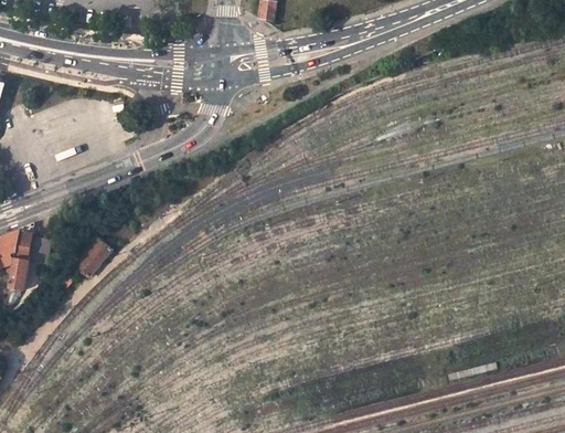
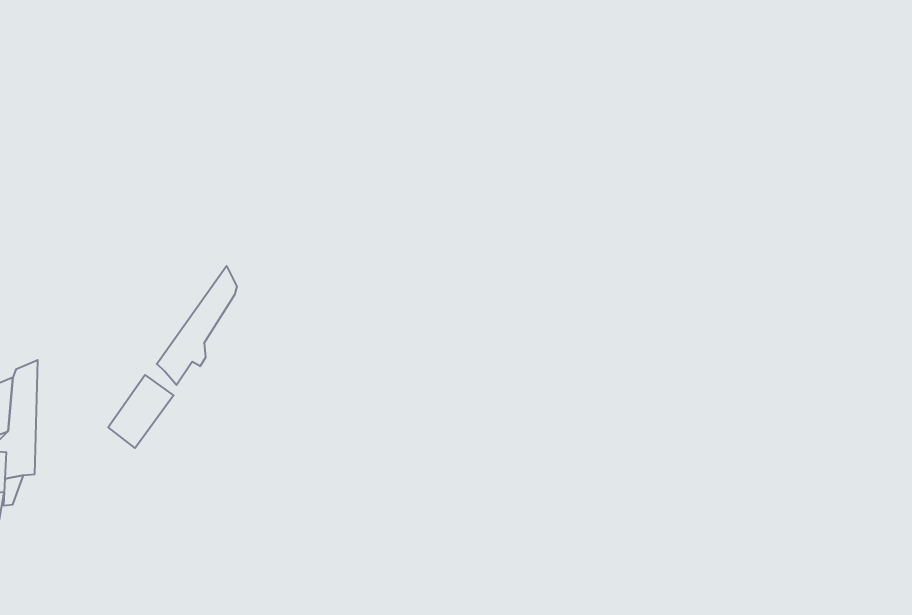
building: none -> [157,266,237,385]

